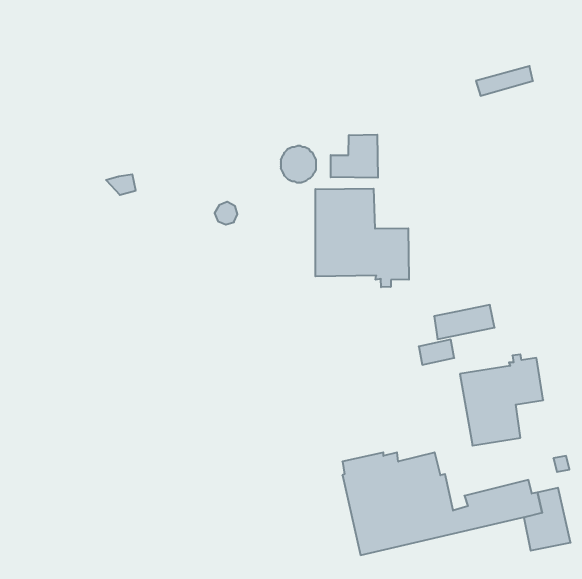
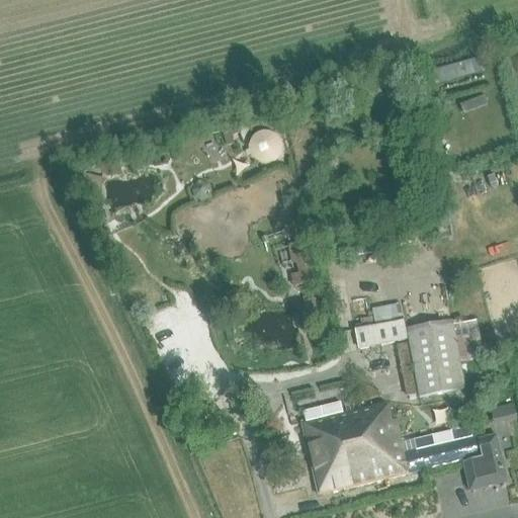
building: [331,135,378,178] -> none
building: [315,189,409,287] -> none
building: [434,305,495,339] -> [355,318,409,348]

